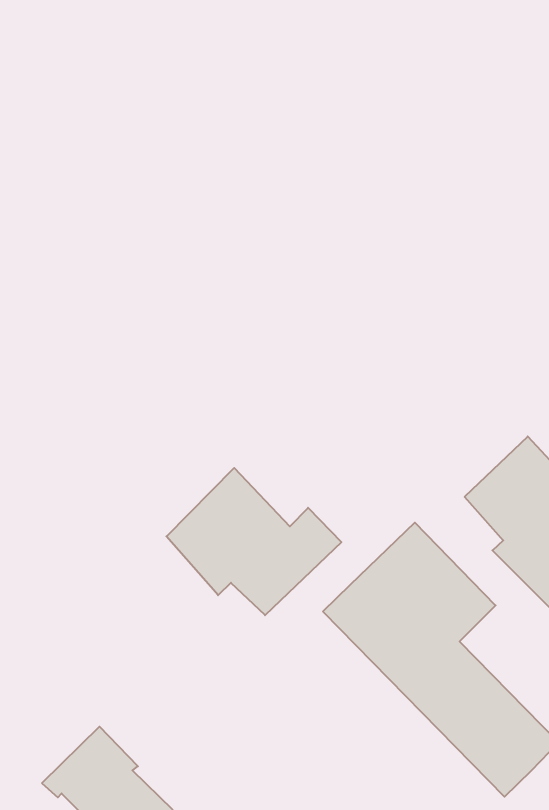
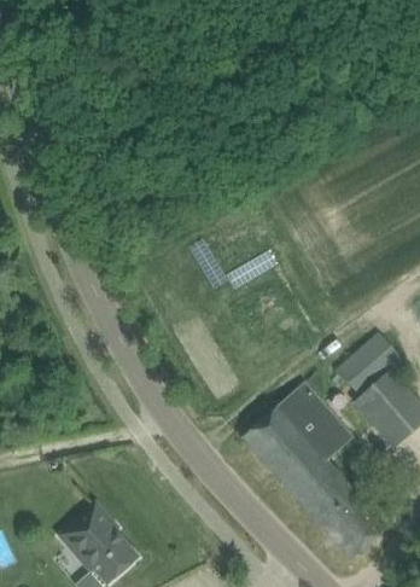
building: [166,468,341,615] -> none

